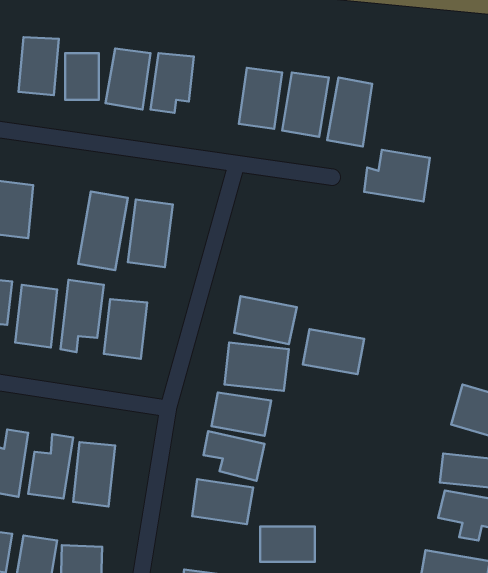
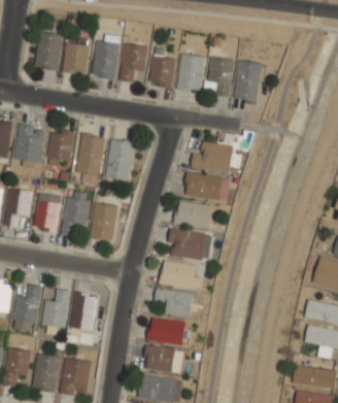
building: none -> [147,55,176,89]
building: [364,150,430,201] -> [191,142,233,175]
building: none -> [48,130,71,165]
building: [303,329,364,374] -> [183,173,223,202]
building: [260,527,315,562] -> [144,348,179,371]

